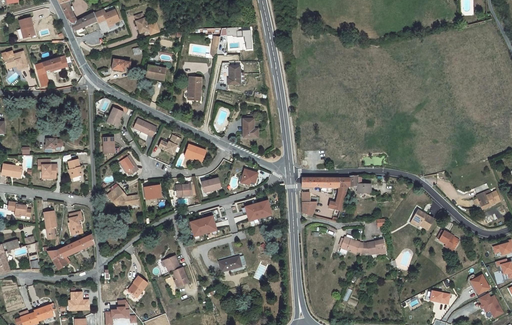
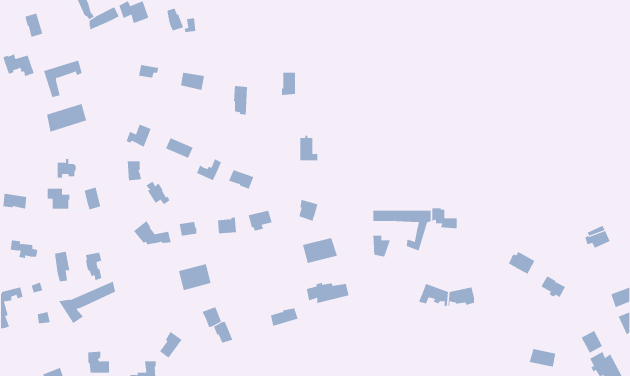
building: none -> [46,103,87,133]
building: [190,214,217,236] -> [178,264,211,291]
building: none -> [306,282,349,304]

